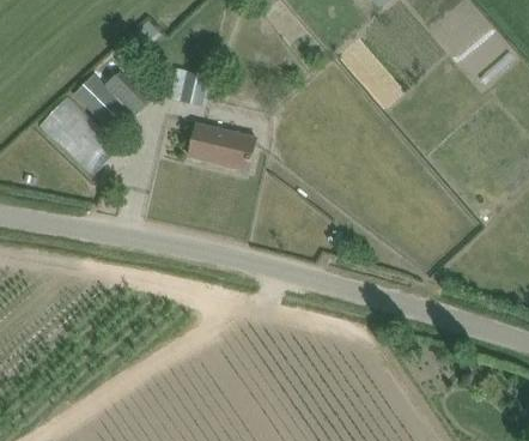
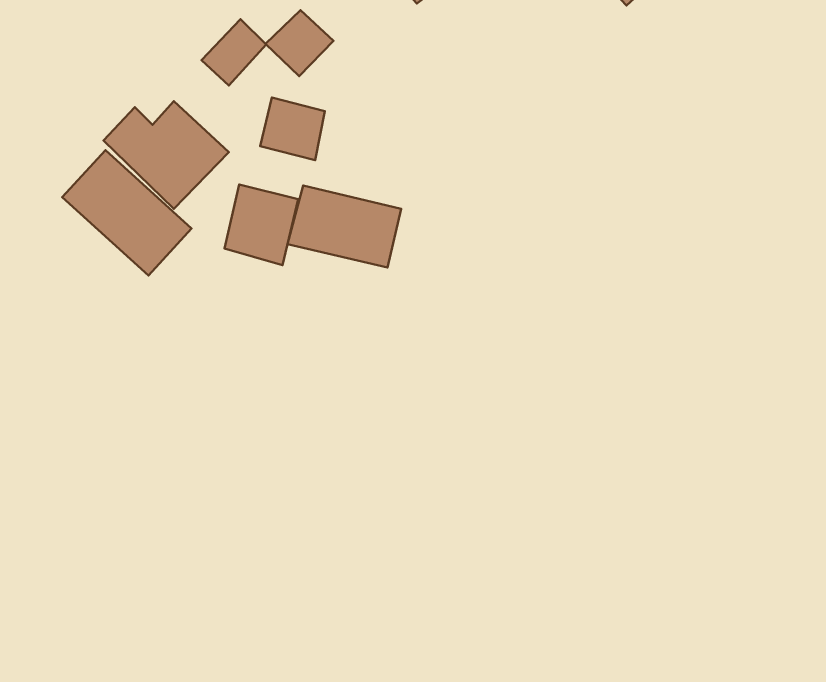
building: none -> [265,10,333,76]
building: none -> [225,185,298,265]

